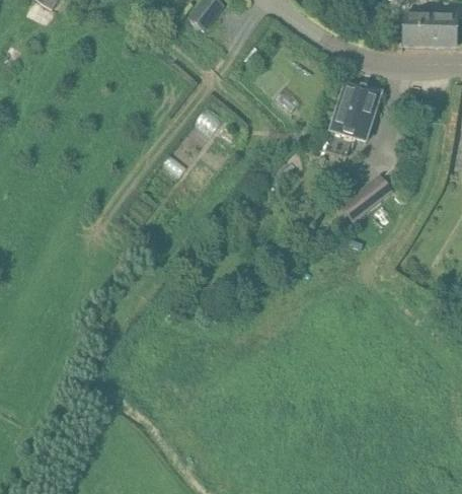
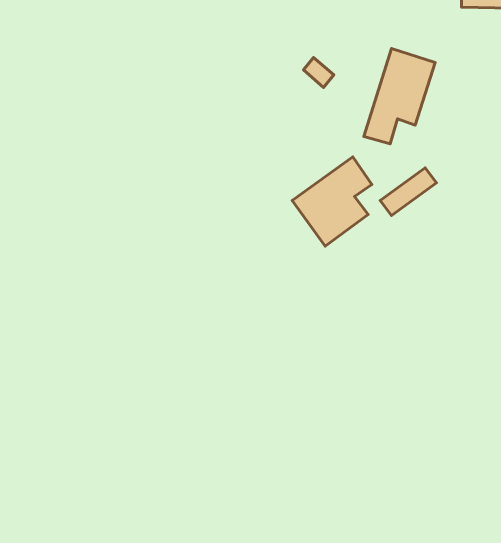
building: none -> [292,157,372,246]

